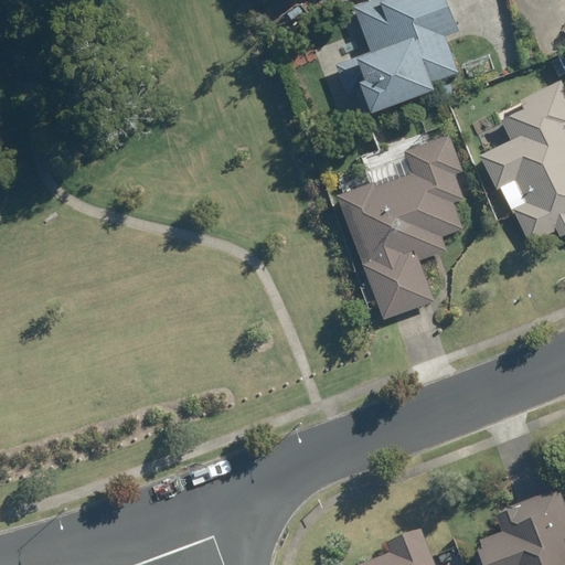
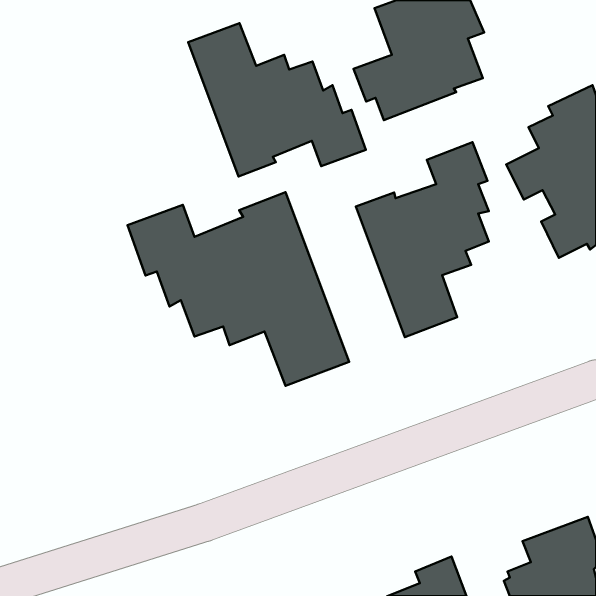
building: none -> [188,23,366,177]
building: none -> [127,192,349,386]

